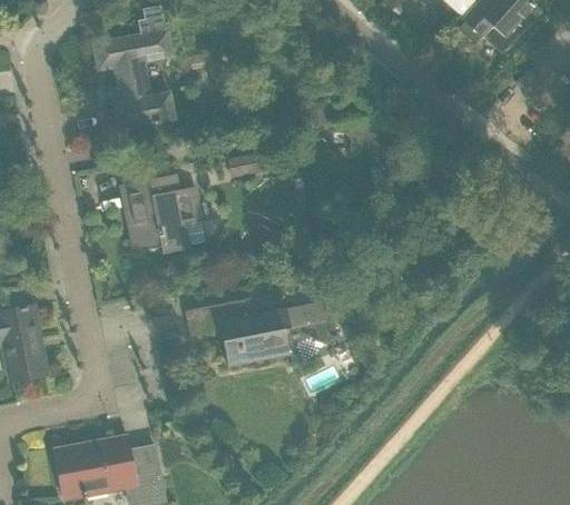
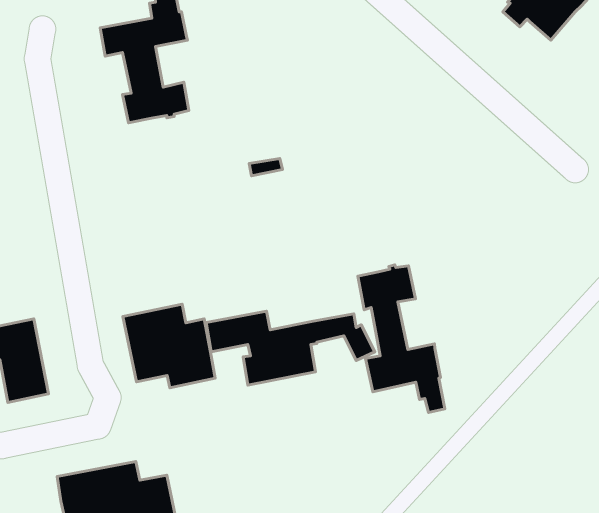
building: [121,175,205,250] -> [123,304,215,388]
building: none -> [358,265,445,413]

